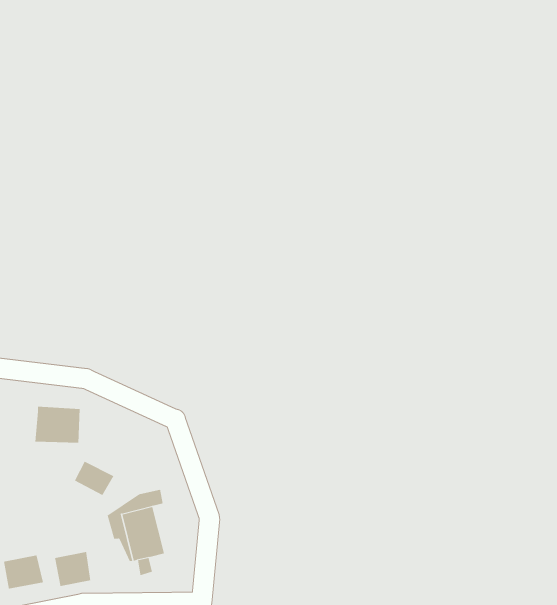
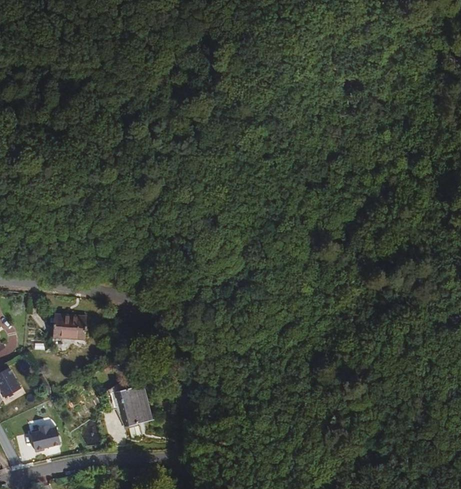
building: [74,461,114,496] -> none
building: [55,551,91,587] -> none

